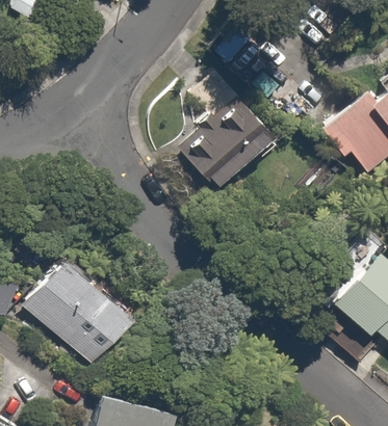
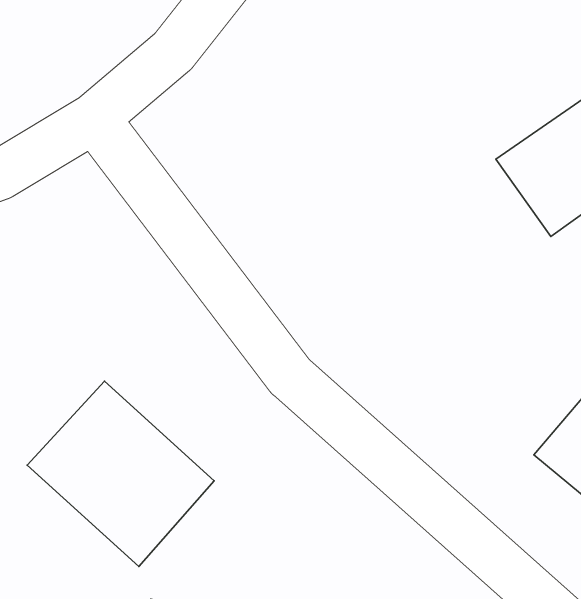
building: [176,89,279,192] -> none

